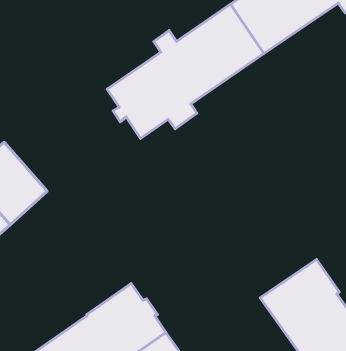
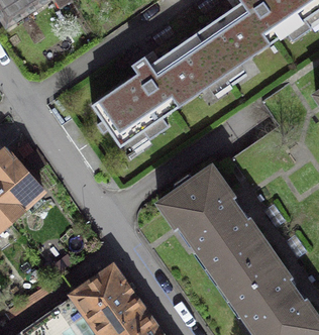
building: none -> [160,166,269,281]

